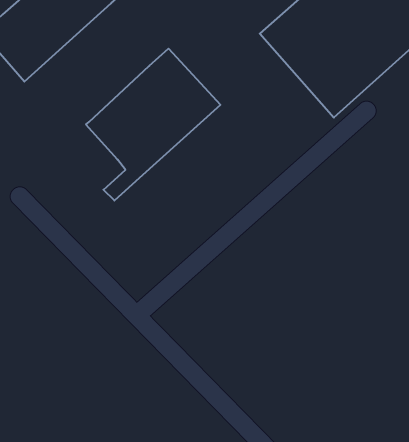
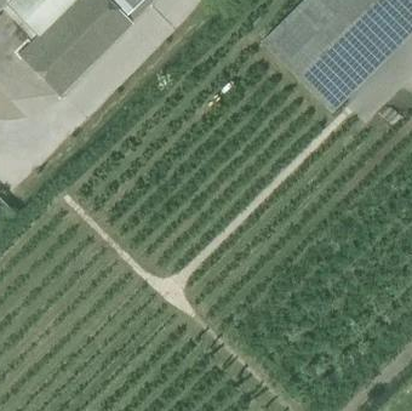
building: [86,49,220,201] -> none

